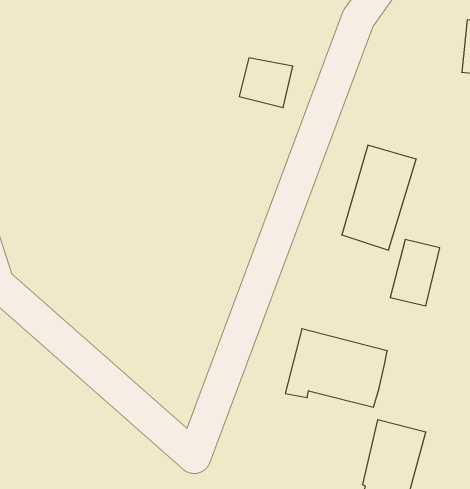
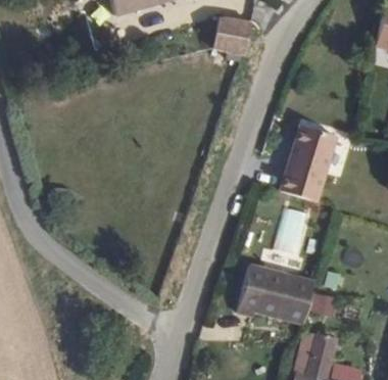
building: [239,58,293,108] -> [209,19,249,56]
building: [390,240,440,306] -> [273,209,309,258]

